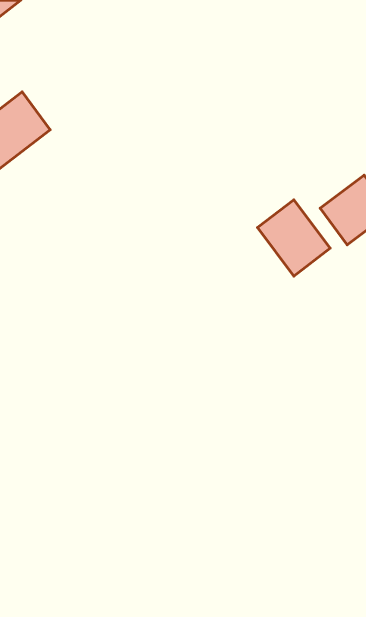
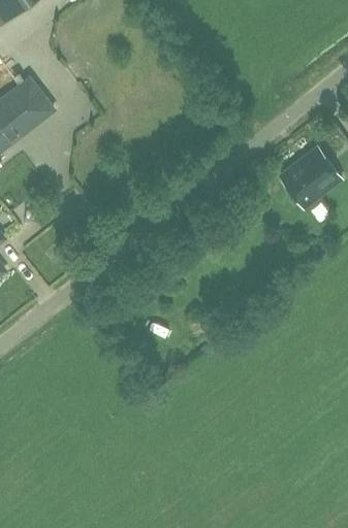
building: [257,200,330,276] -> none

